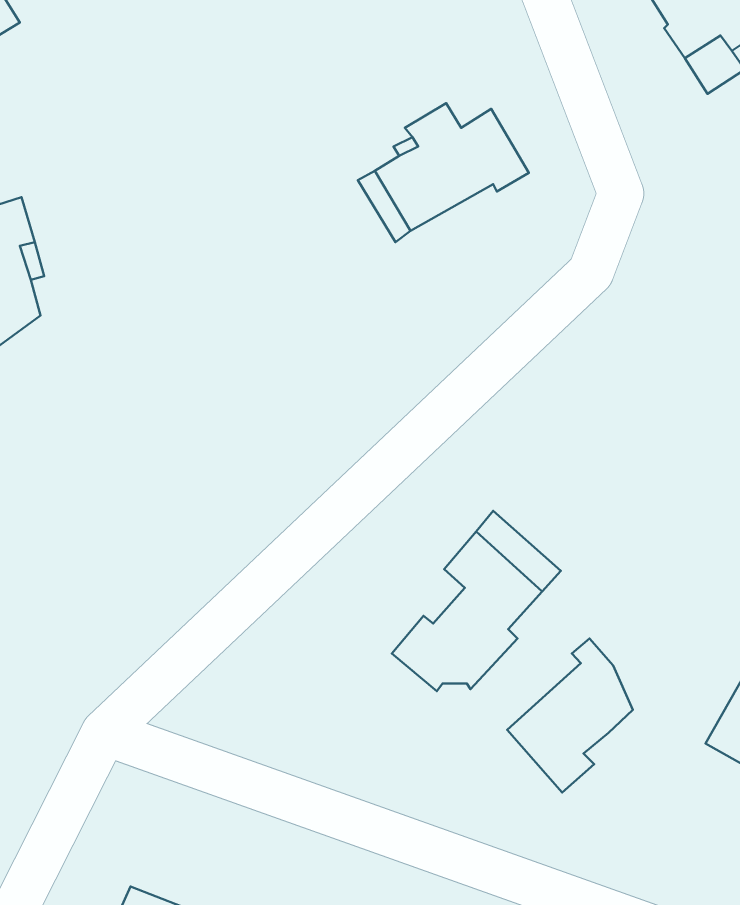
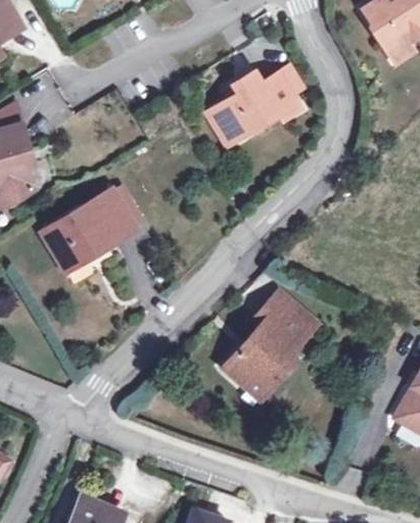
building: none -> [44,189,136,269]
building: [507,638,633,792] -> none

